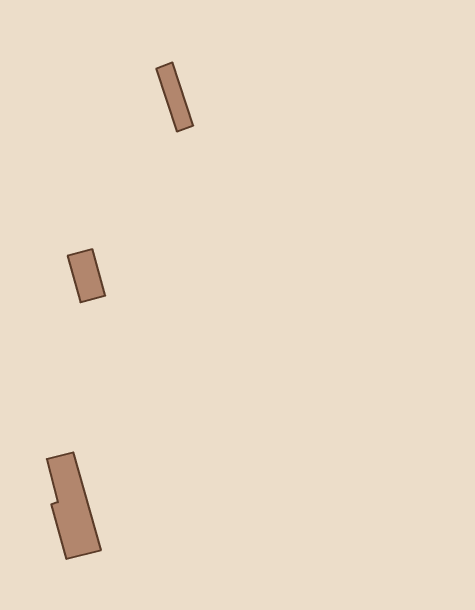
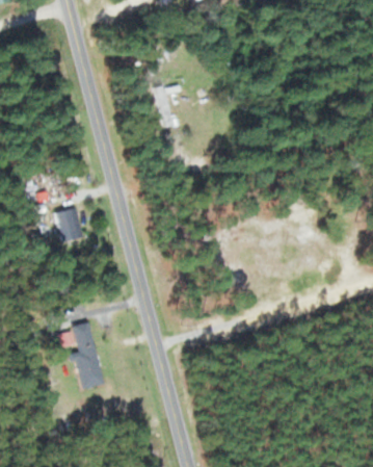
building: [68,249,105,302] -> [56,209,78,241]

